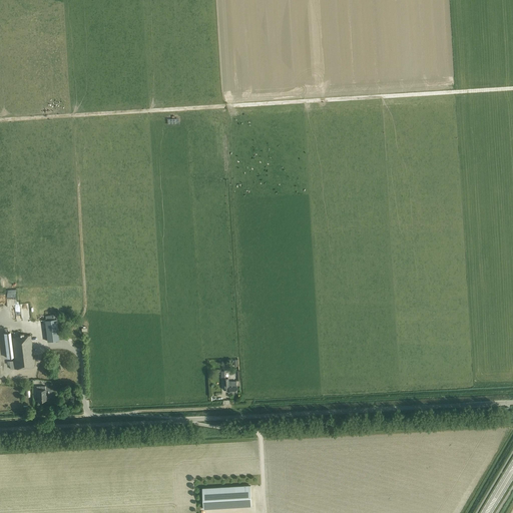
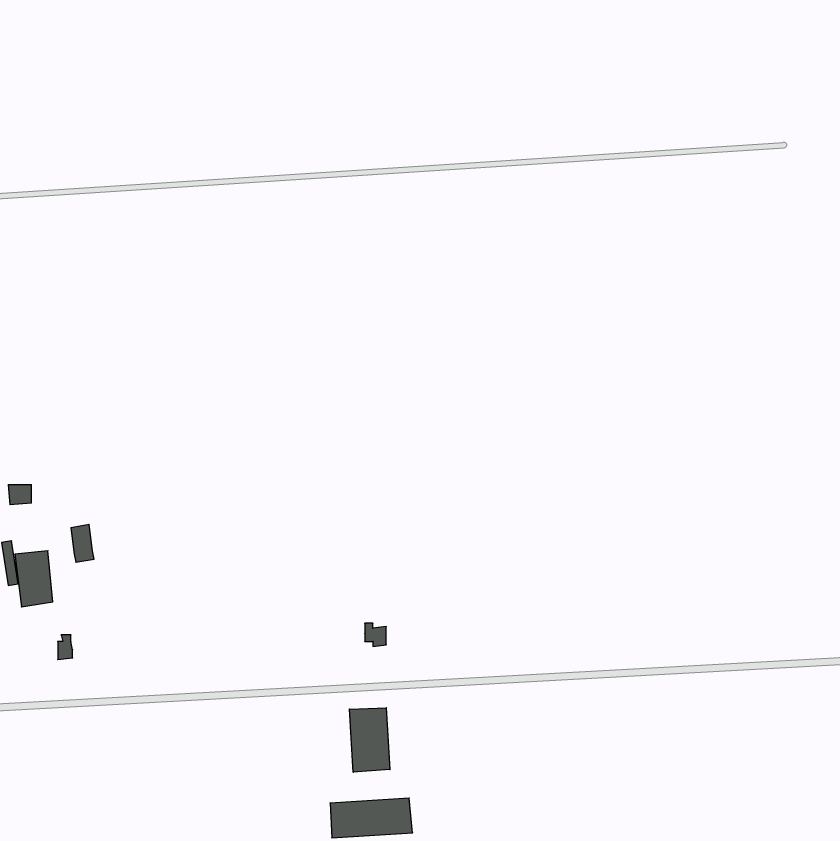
building: none -> [349,708,390,772]

